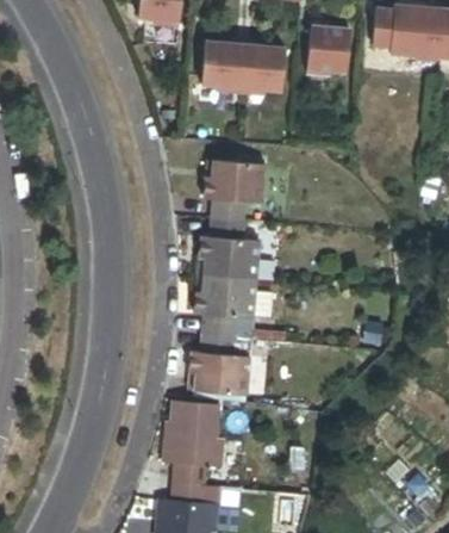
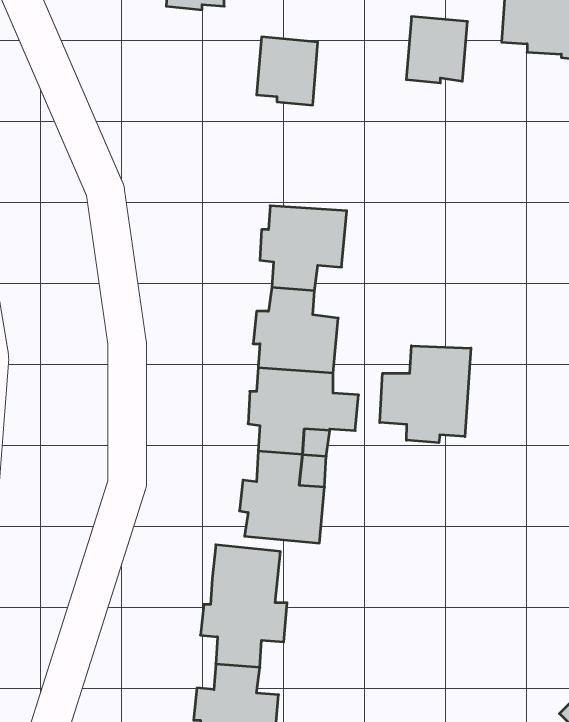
building: [241,47,283,93] -> none
building: none -> [380,346,471,443]

